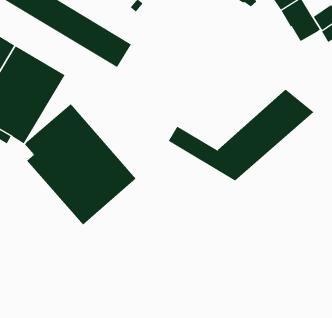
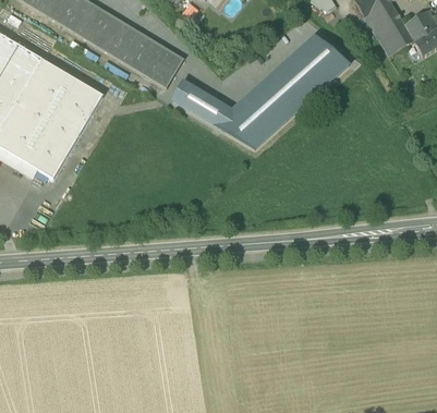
building: [168,89,314,181] -> [171,35,349,147]
building: [24,103,137,226] -> none

